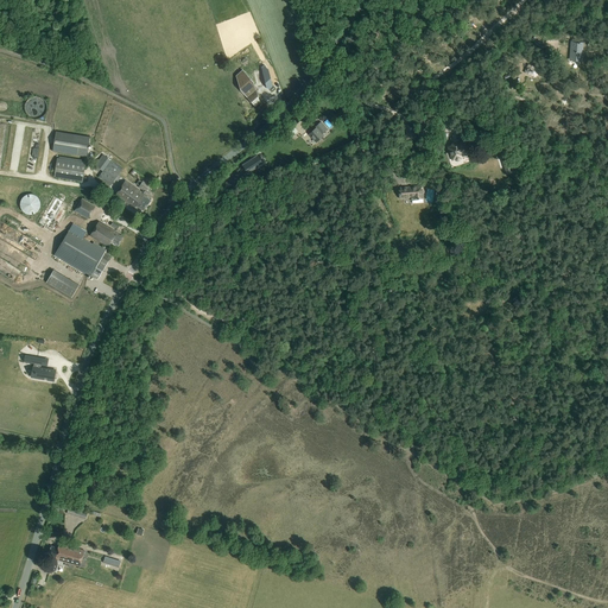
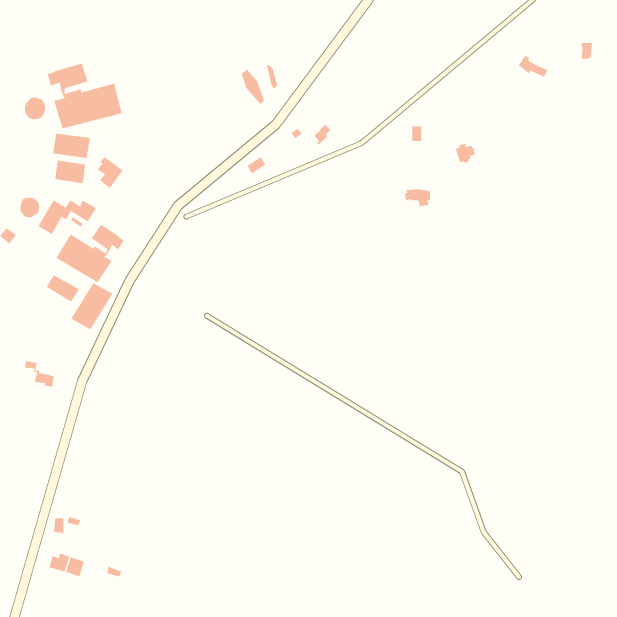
building: none -> [47,63,122,129]
building: [114,179,150,210] -> none
building: none -> [70,282,113,330]

